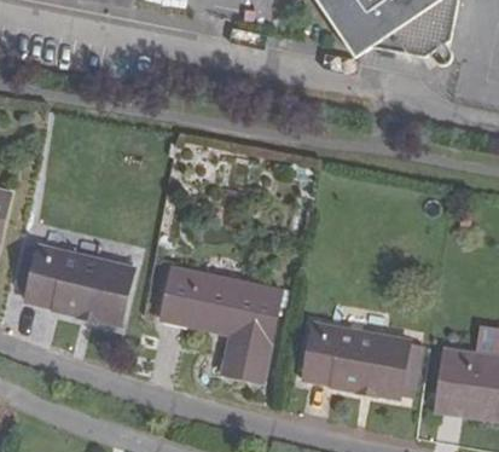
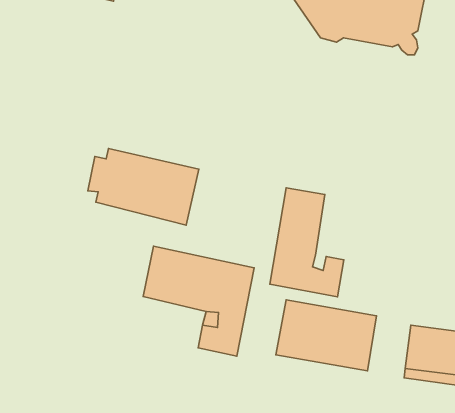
building: none -> [270,188,344,297]
building: [16,245,133,326] -> [88,148,199,225]

